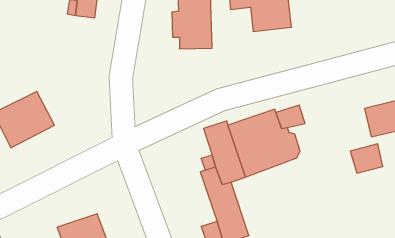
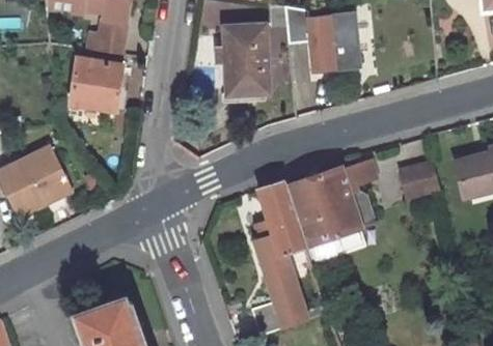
building: none -> [69,57,126,111]
building: [350,144,383,173] -> [398,162,438,198]

